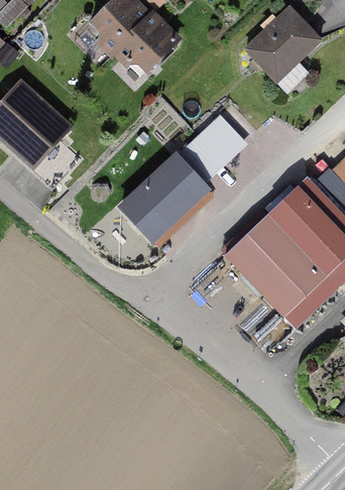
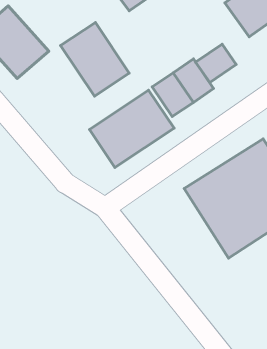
building: none -> [61,23,129,96]
building: none -> [196,44,236,83]

